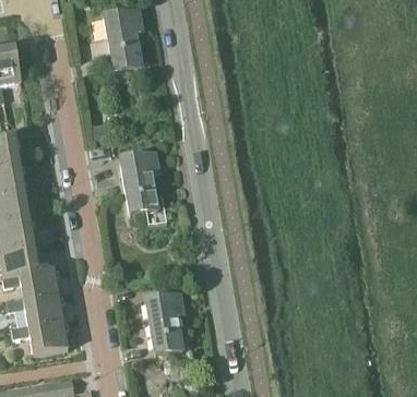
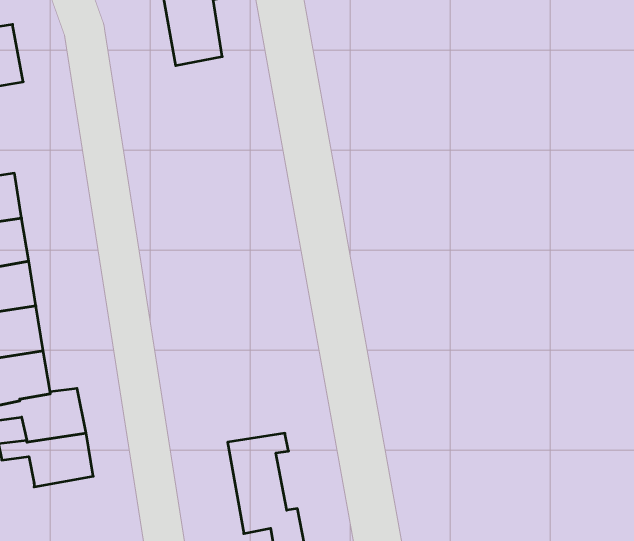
building: [120,152,158,214] -> none
building: [11,320,68,353] -> none

